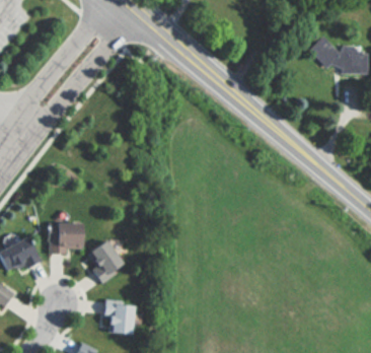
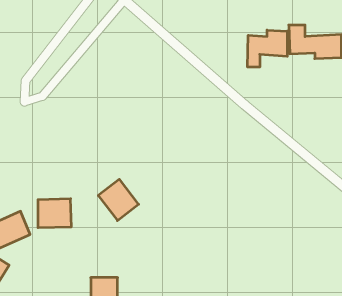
building: none -> [248,30,287,67]
building: [83,237,126,281] -> [98,179,139,221]

